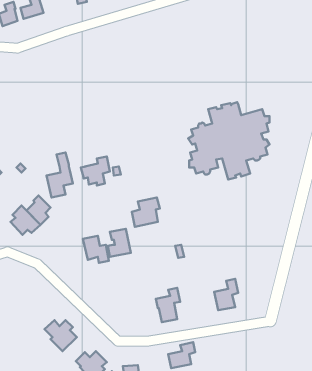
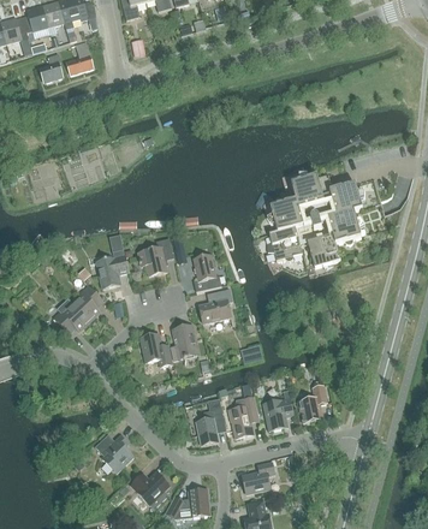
building: none -> [194,254,221,290]
building: none -> [263,398,293,429]
building: none -> [196,406,225,445]

